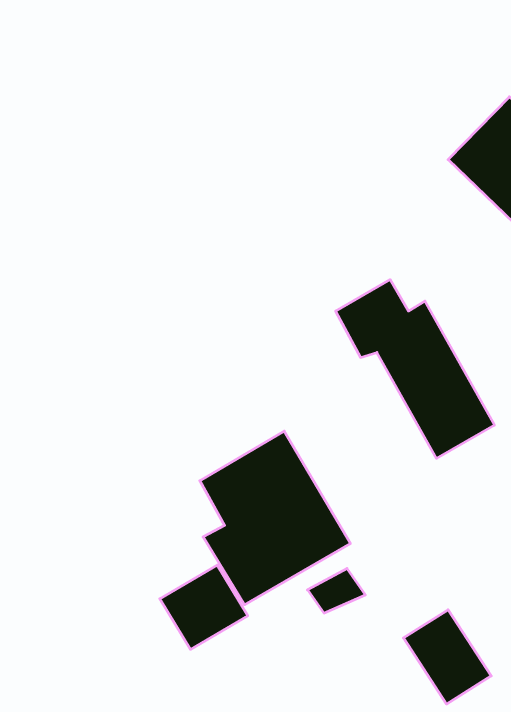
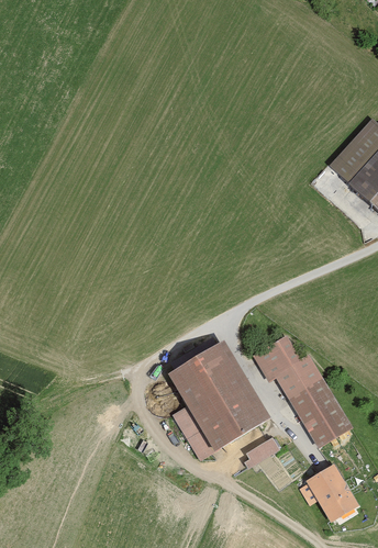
building: [336,280,494,458] -> [248,332,354,450]
building: [160,565,248,649] -> none

